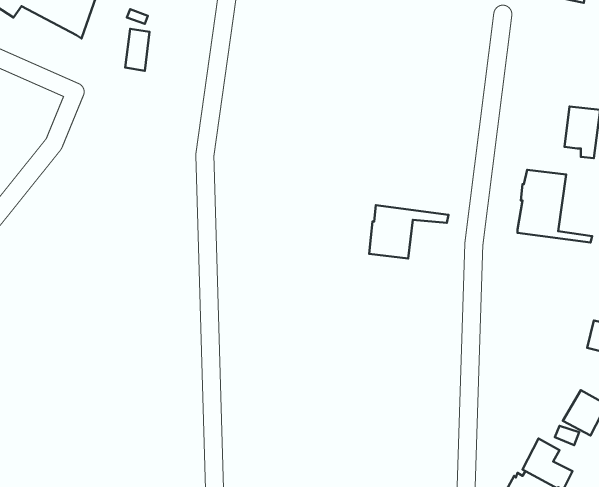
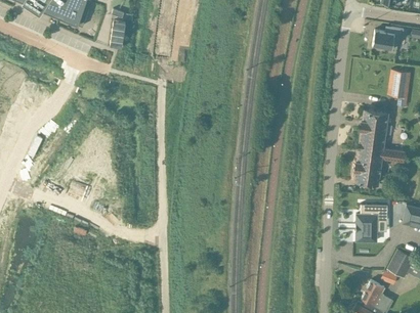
building: none -> [372,27,404,49]
building: [369,205,449,259] -> [353,150,404,184]
building: none -> [356,206,387,242]

